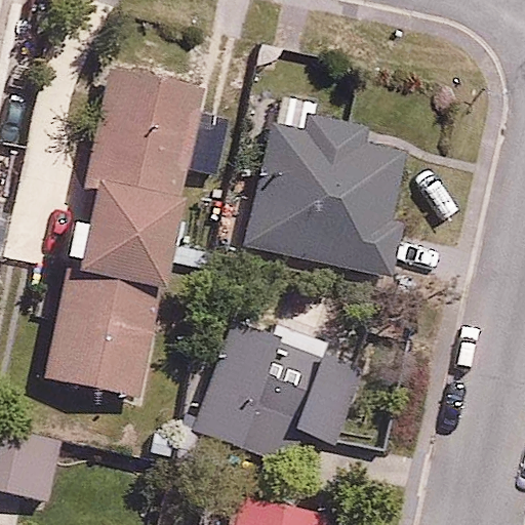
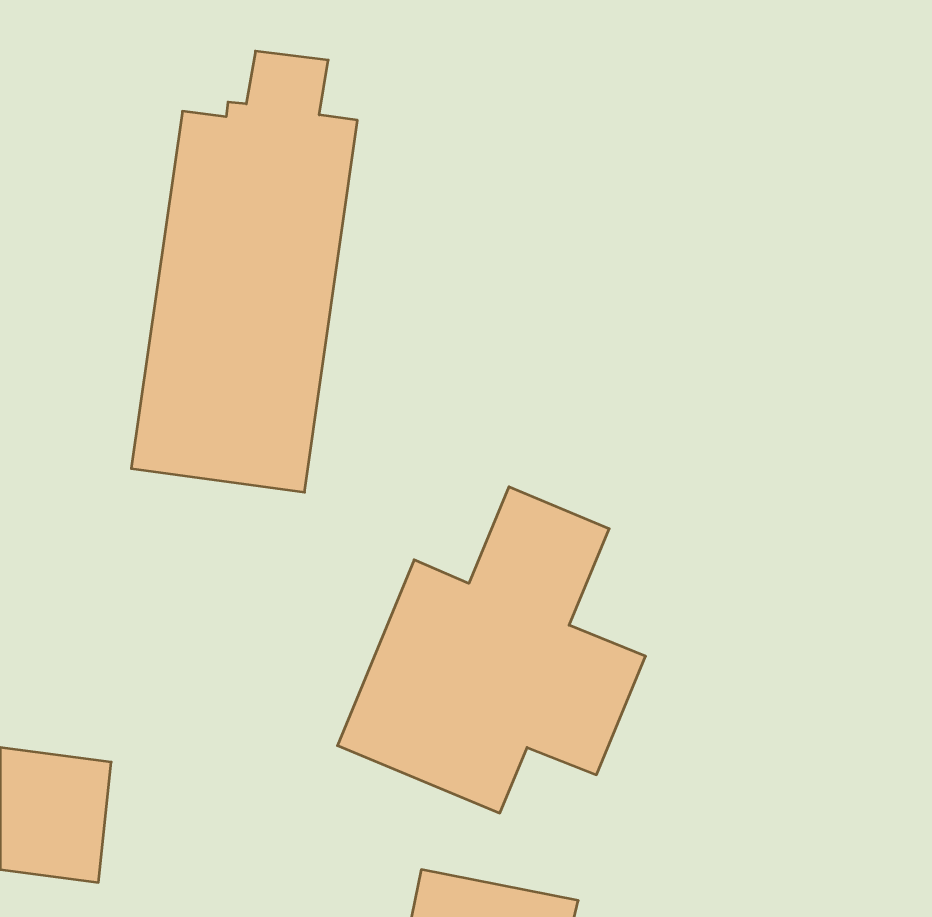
building: [248,121,400,273] -> none
building: [48,291,157,394] -> none

